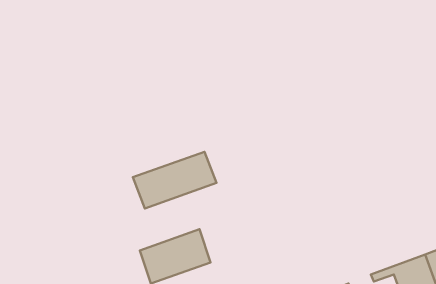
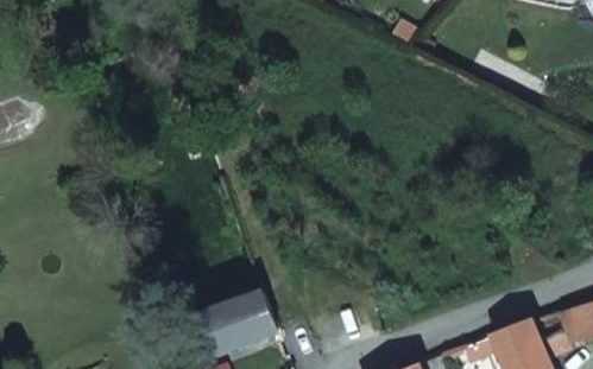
building: [133,152,217,208] -> none

